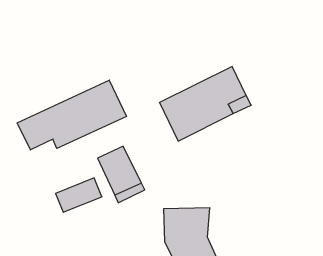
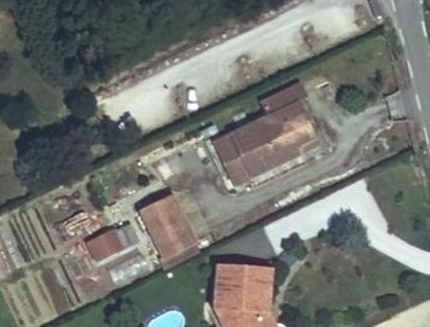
building: [17,80,126,150] -> none

